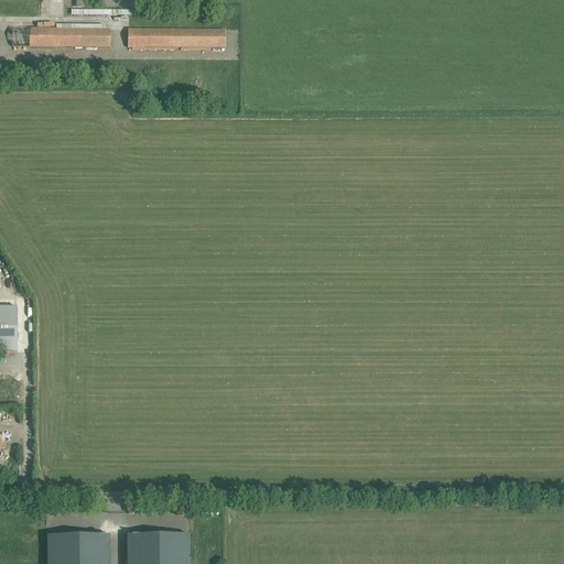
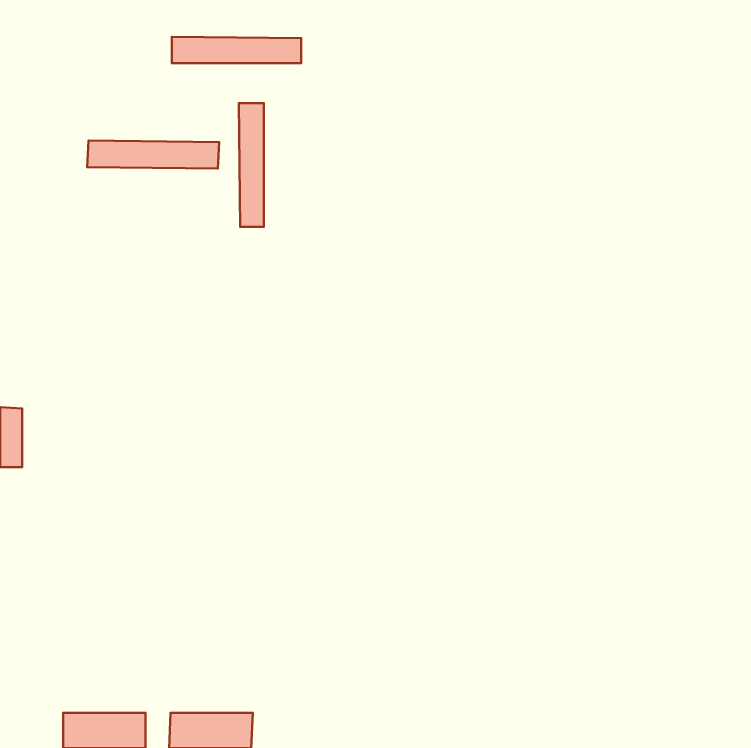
building: [12,26,111,47] -> [87,141,219,169]
building: none -> [239,103,264,227]

